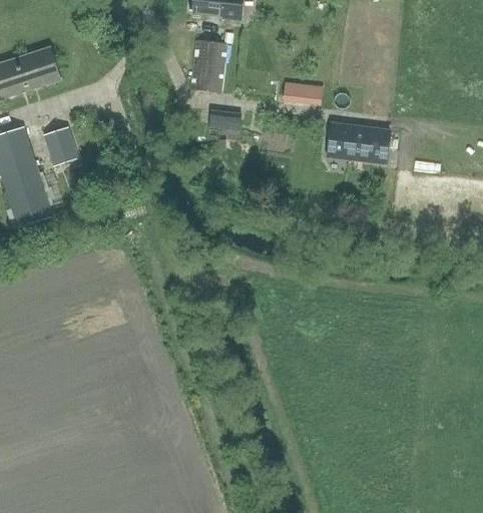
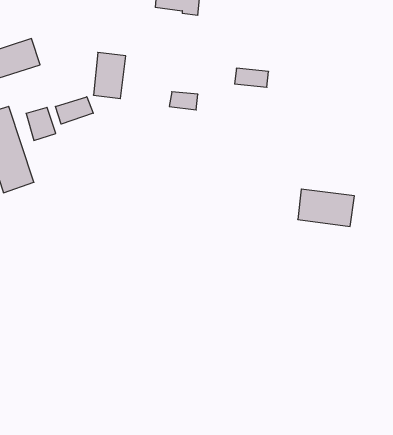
building: [189,39,226,92] -> [93,52,126,99]
building: none -> [55,97,93,124]
building: [326,121,391,164] -> [298,189,354,226]

